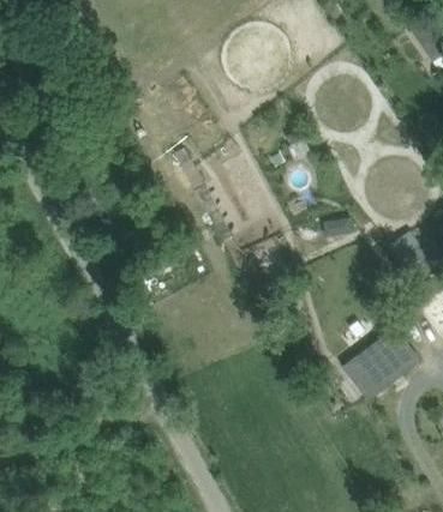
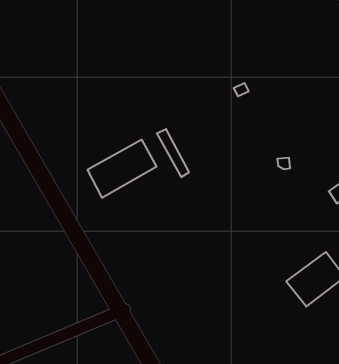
building: none -> [88,140,157,198]

